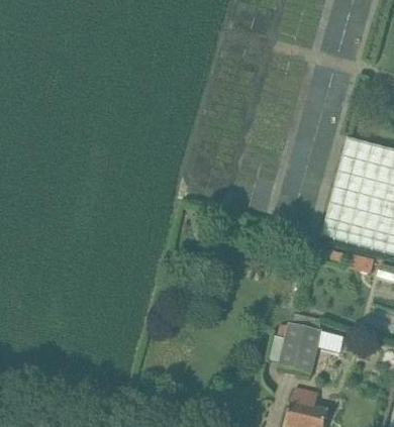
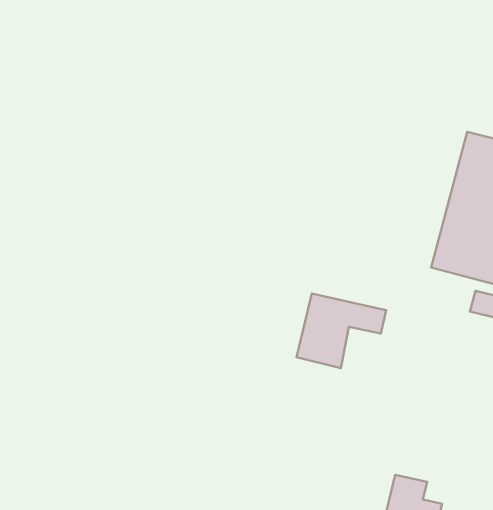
building: [279,322,344,377] -> [296,294,386,368]

